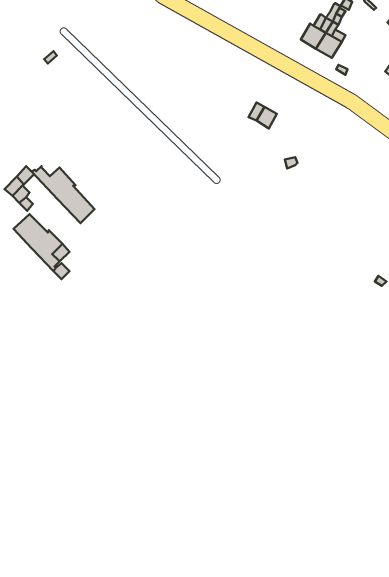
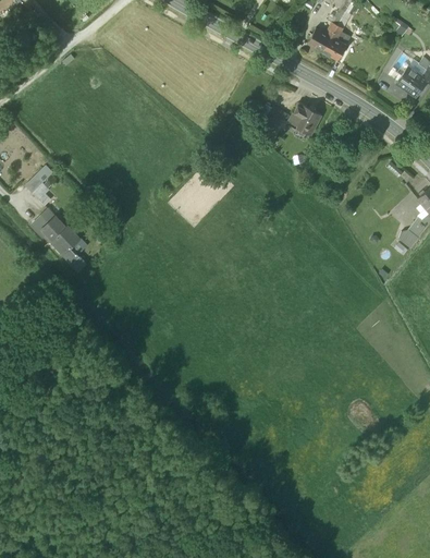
building: none -> [288,102,321,135]
building: [31,166,95,223] -> none

